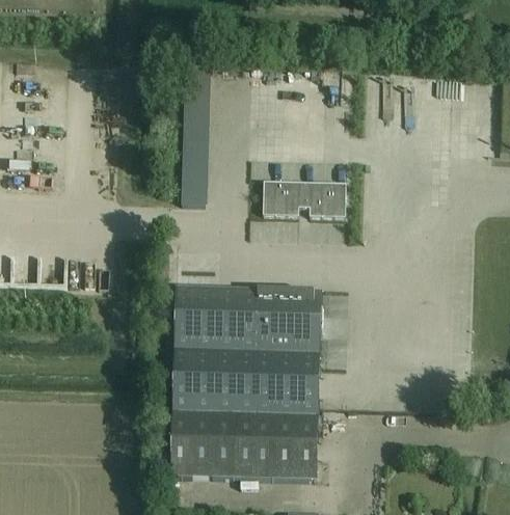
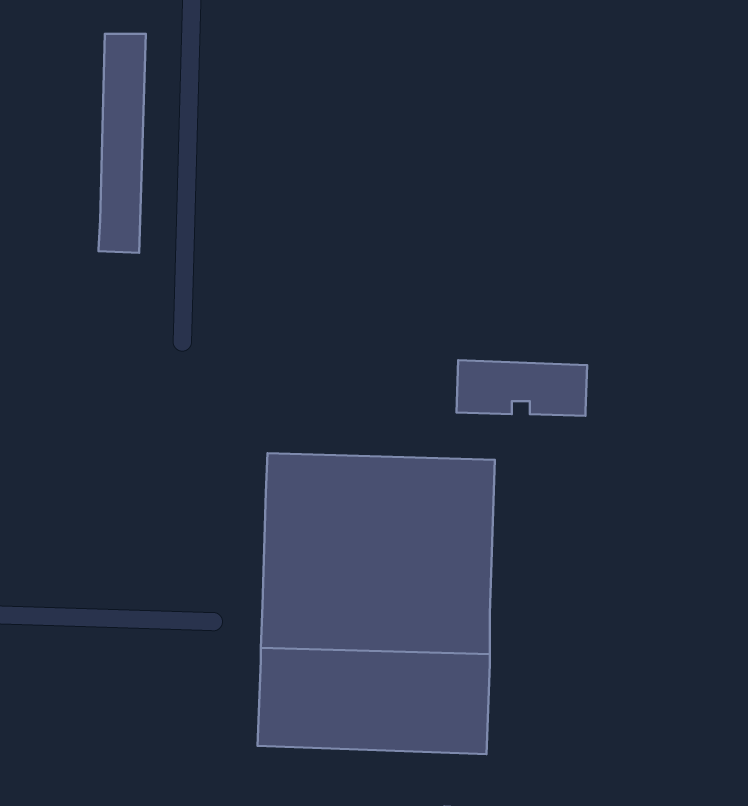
building: [180,65,210,205] -> [98,34,146,253]
building: [262,181,345,216] -> [456,360,587,416]

